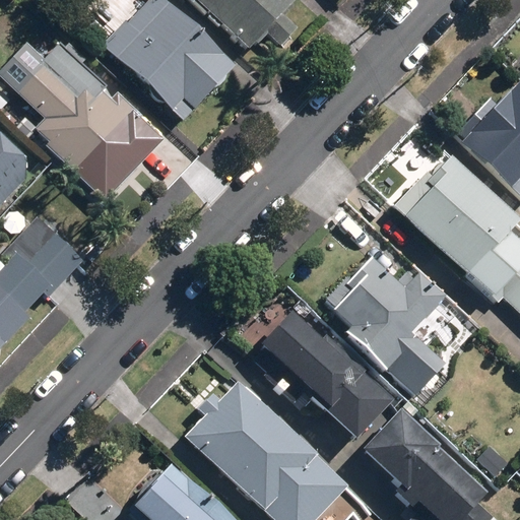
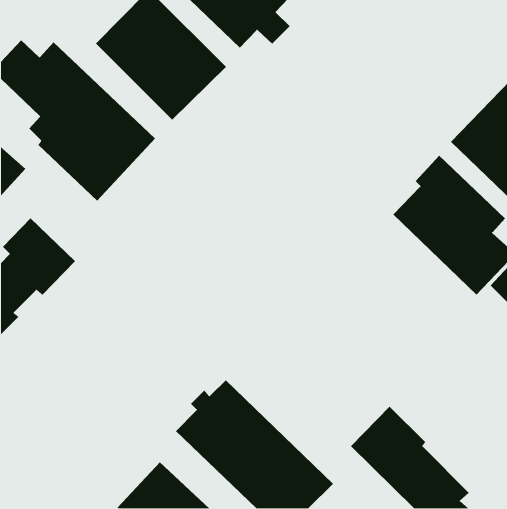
building: [327,256,443,392] -> none
building: [258,312,394,439] -> none

